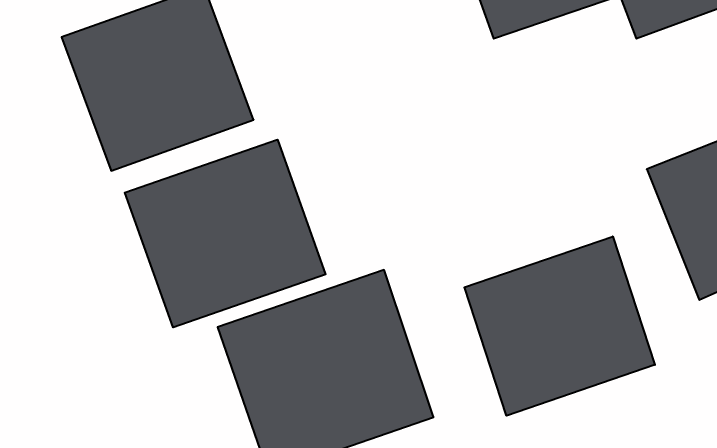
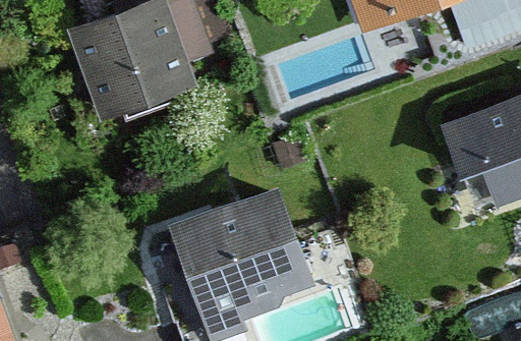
building: [125,140,326,327] -> none
building: [464,236,655,416] -> none

